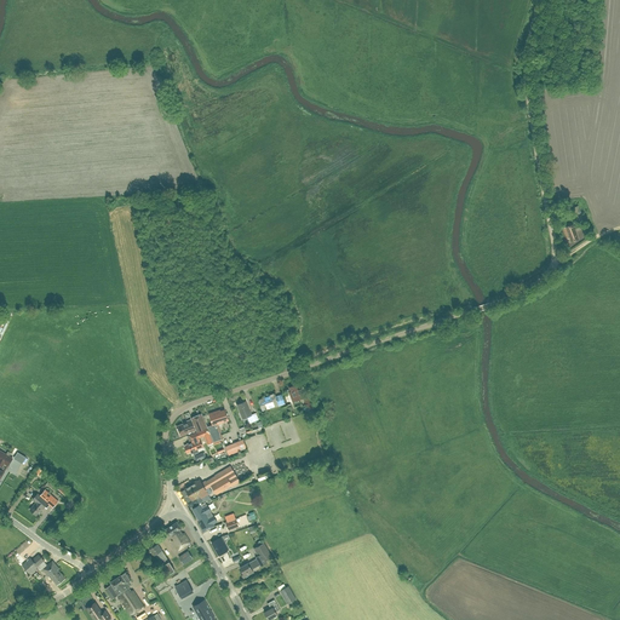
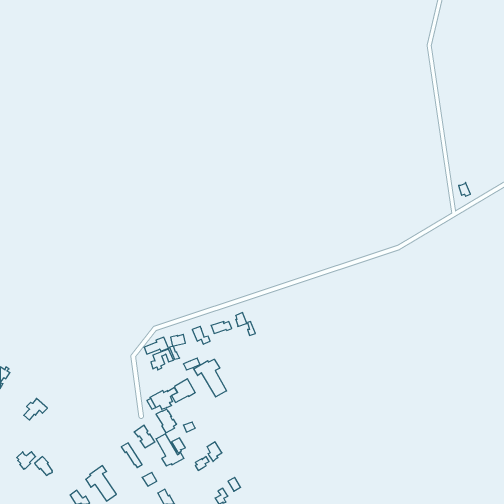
building: none -> [194,359,227,397]
building: none -> [156,434,184,466]

